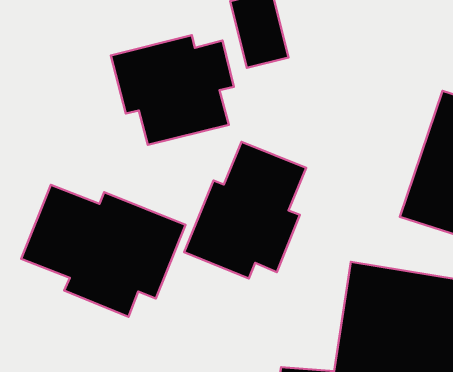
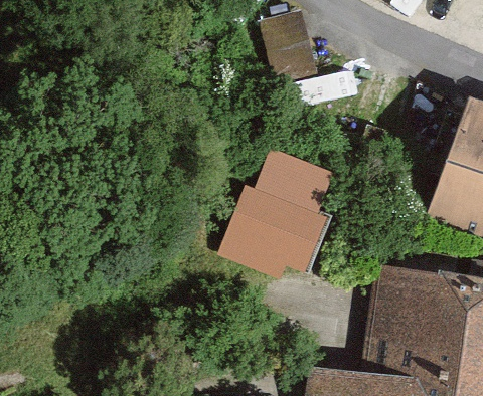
building: [111,35,234,145] -> none
building: [21,185,186,317] -> none

